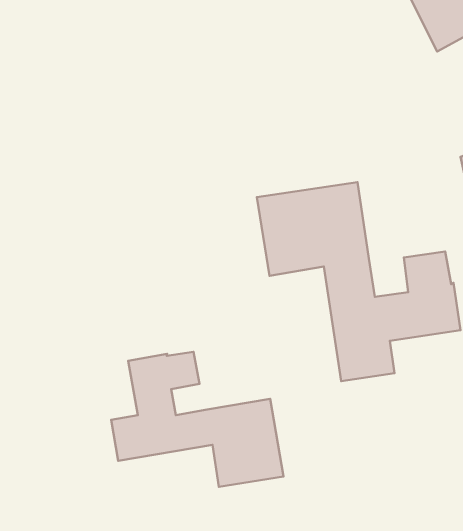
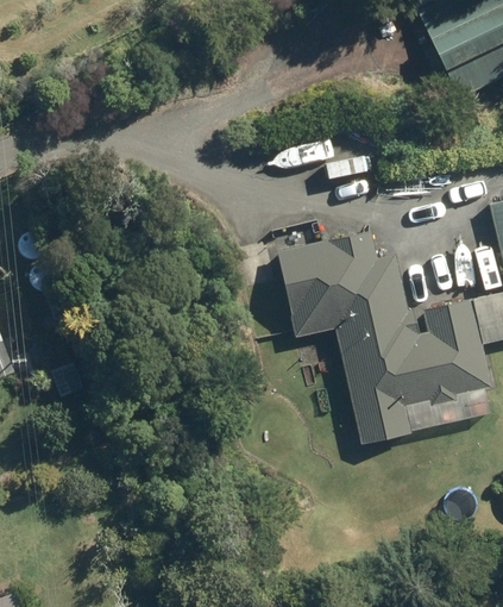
building: [111,352,284,487] -> none

